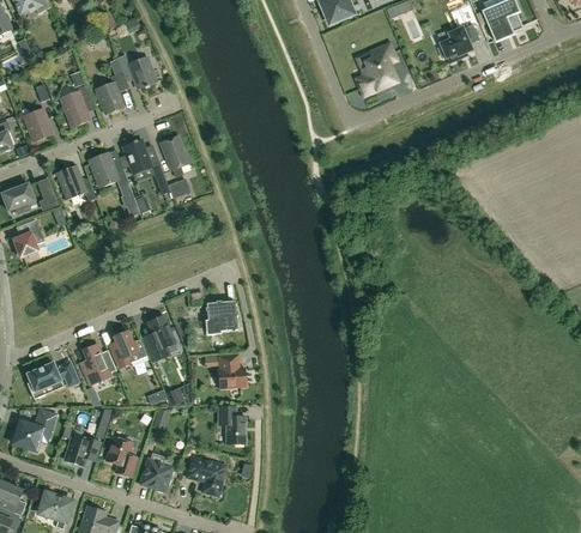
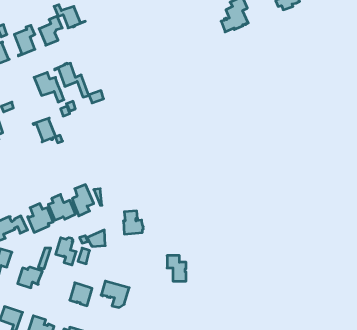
building: [161,135,188,176] -> none
building: [53,164,96,200] -> [33,118,63,143]
building: [205,299,237,334] -> none
building: [218,406,246,443] -> [167,256,186,281]
building: [107,436,137,476] -> [56,238,76,265]

